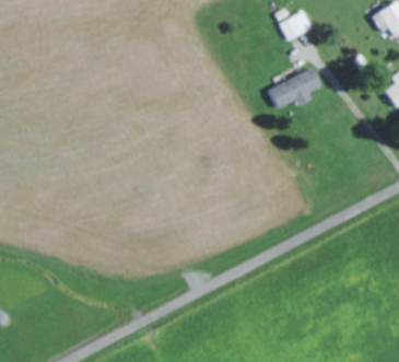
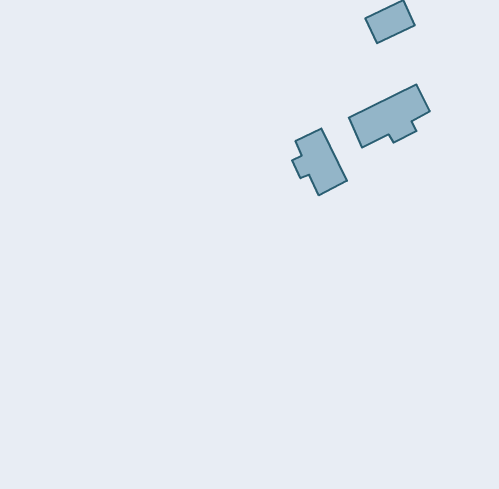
building: none -> [292,128,347,195]

